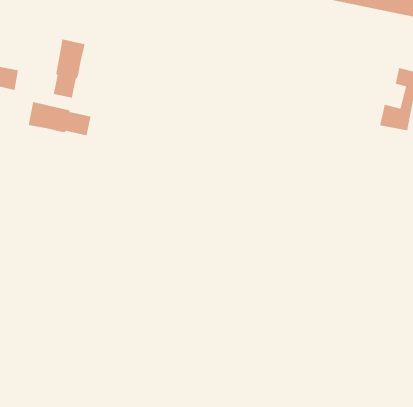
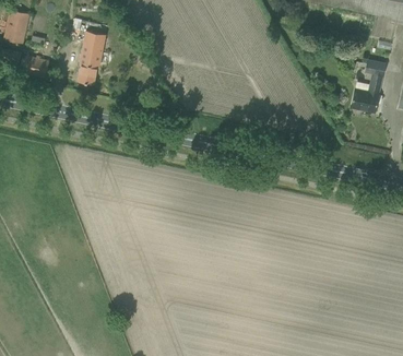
building: [28,101,91,136] -> none

